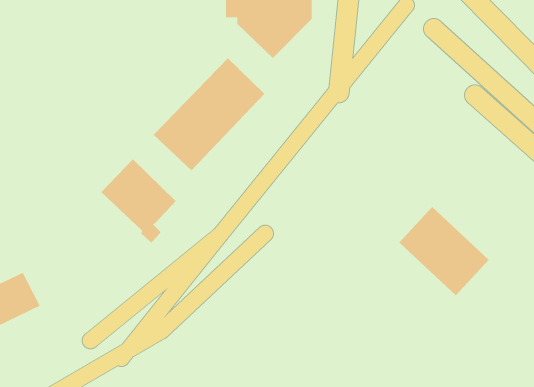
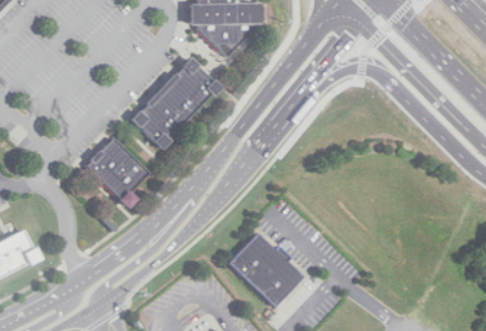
building: [398,206,490,296] -> [229,234,303,307]

